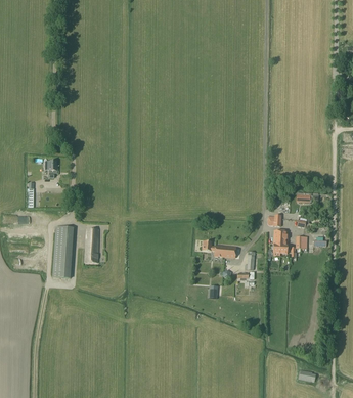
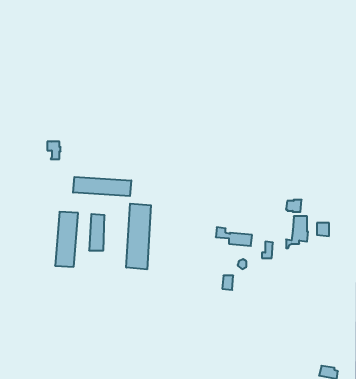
building: none -> [73,177,131,196]
building: none -> [126,204,151,269]

